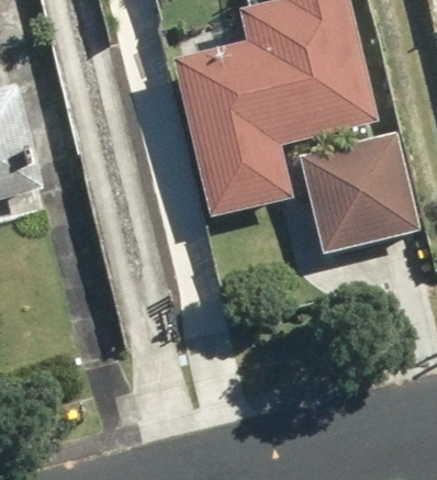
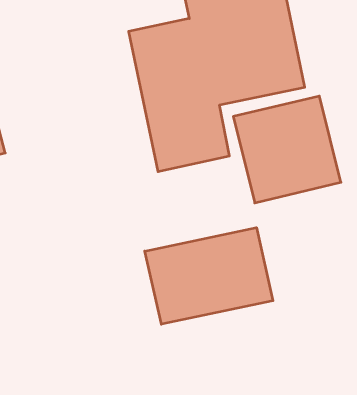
building: none -> [145,228,273,324]

